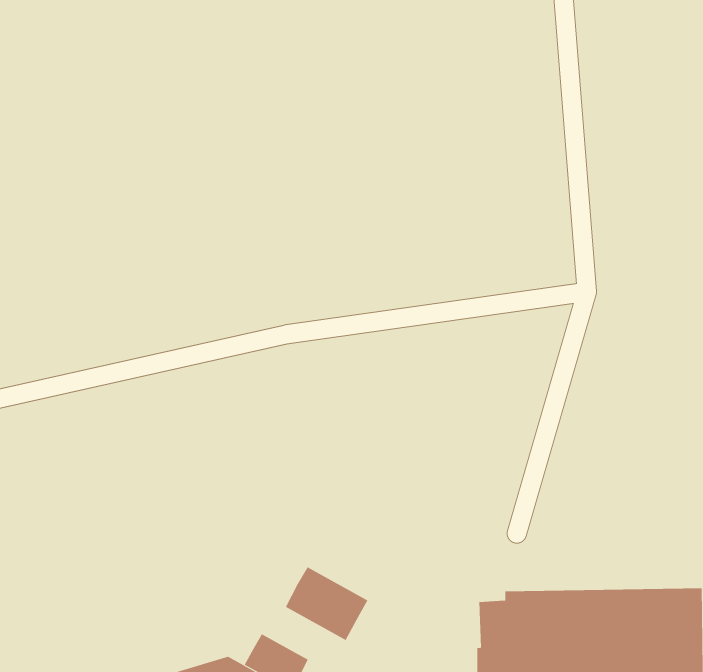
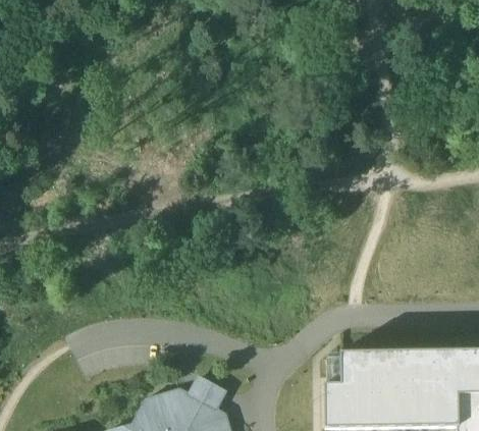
building: [285,567,368,641] -> none

